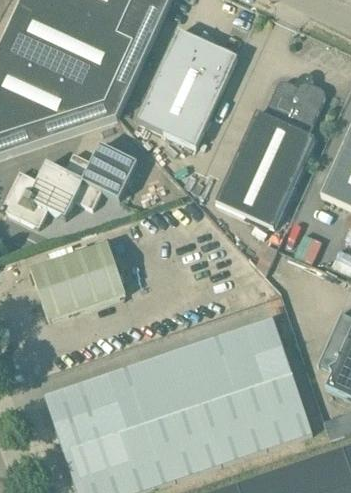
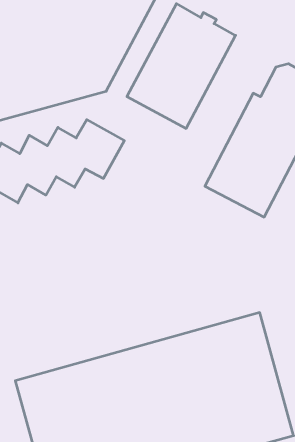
building: [31,241,126,318] -> none

